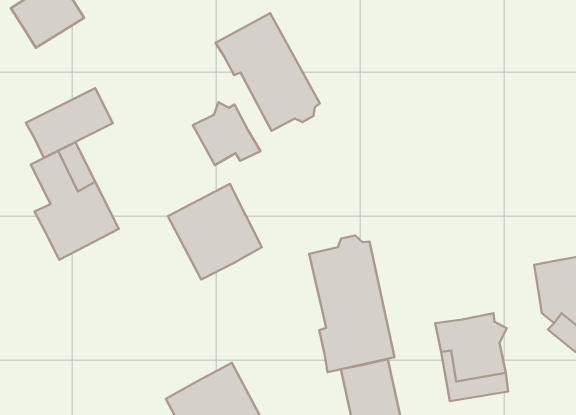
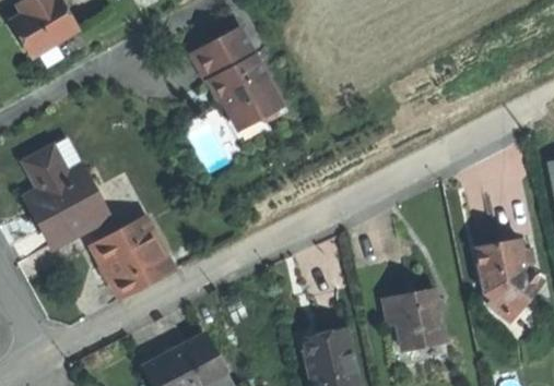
building: [26,88,113,158] -> none
building: [193,102,260,165] -> none
building: [168,184,262,279] -> [90,216,173,300]
building: [309,235,395,372] -> none

